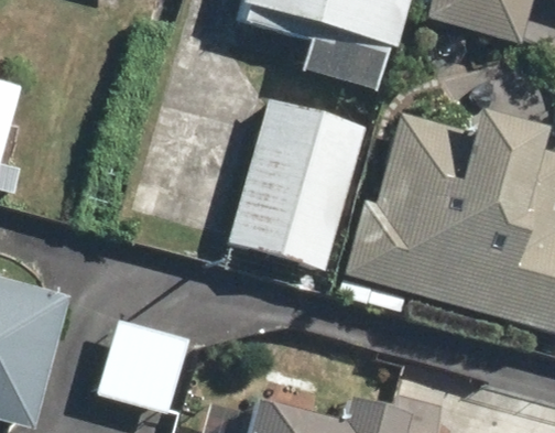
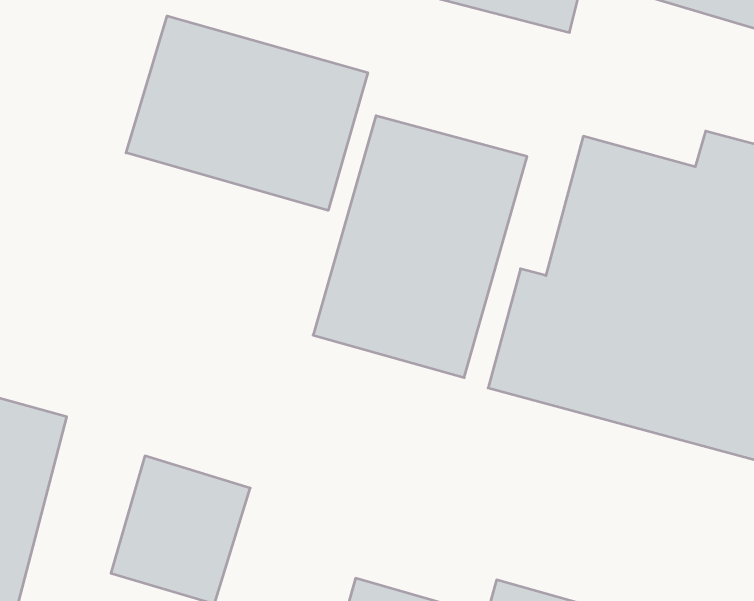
building: none -> [126,16,368,210]

